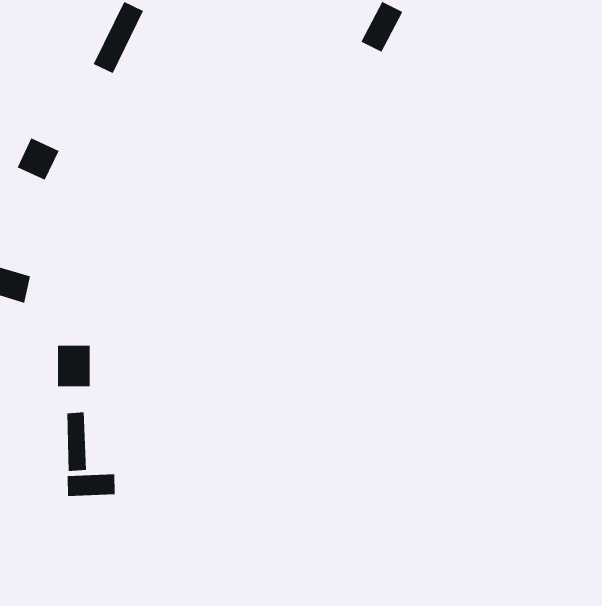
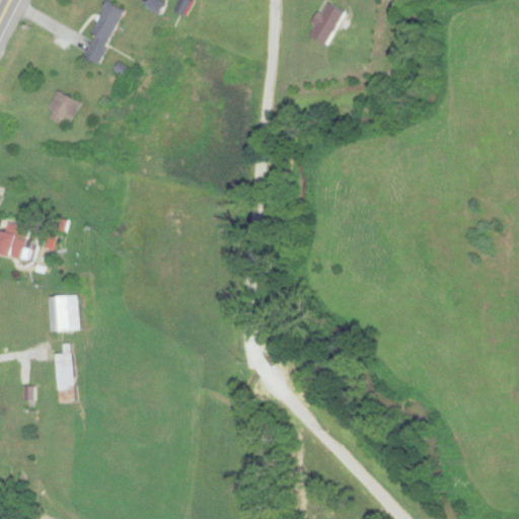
building: [17,138,60,180] -> [42,90,78,127]
building: [67,474,115,497] -> none

